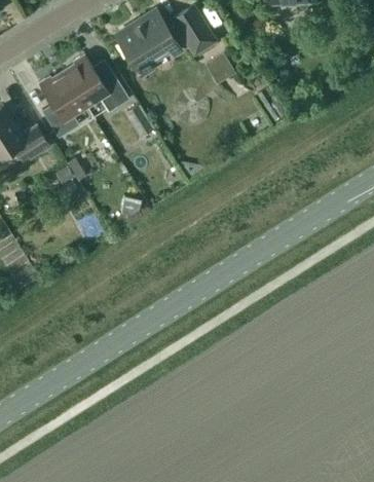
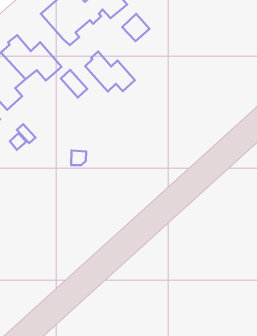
building: none -> [85,51,135,92]

